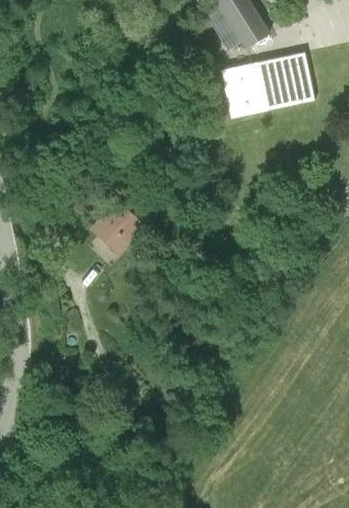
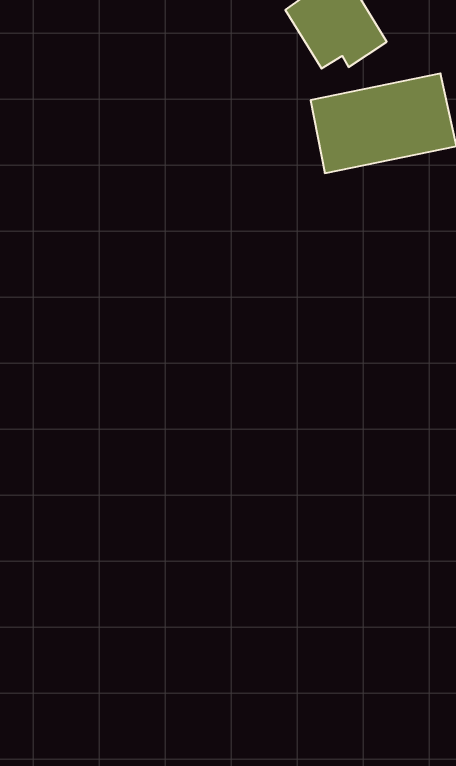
building: [92,200,147,255] -> none

